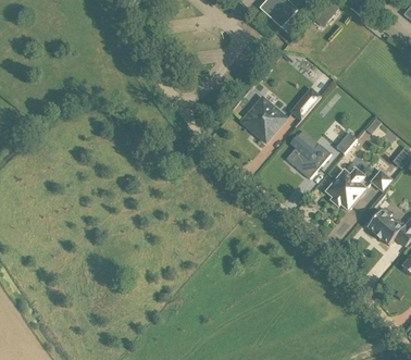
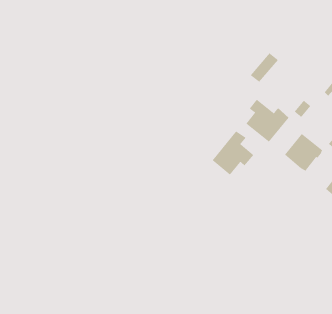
building: [241,103,287,141] -> none
building: none -> [212,131,254,175]

